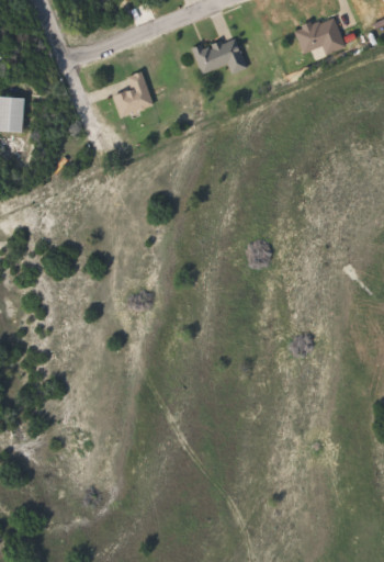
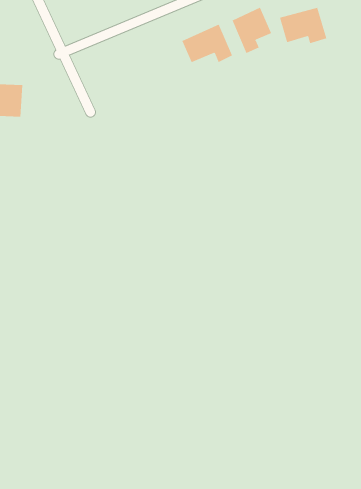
building: none -> [232,7,272,54]
building: [114,72,153,116] -> none

